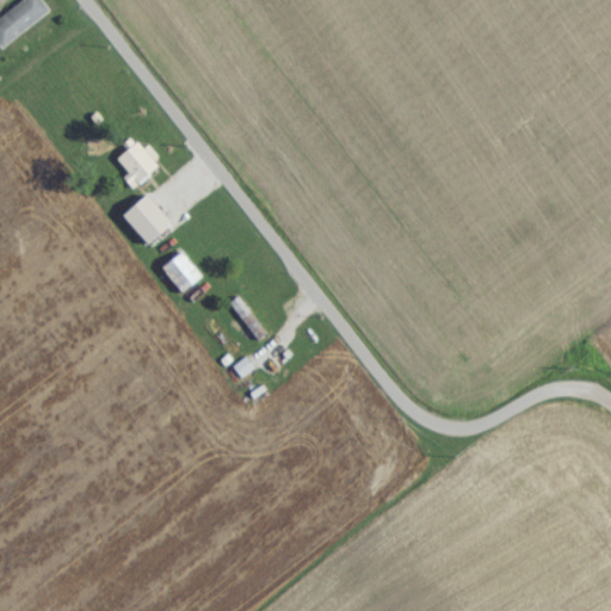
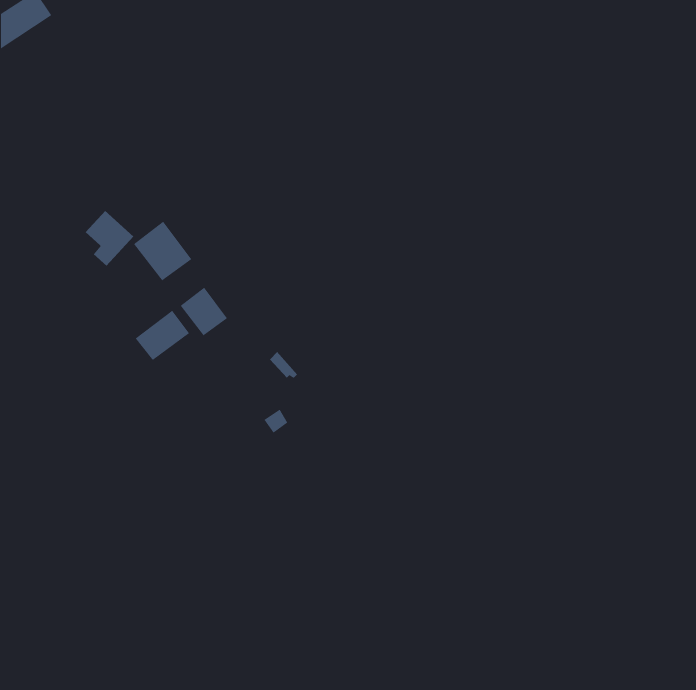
building: [116,140,159,189] -> [85,210,134,267]
building: none -> [135,310,190,361]

